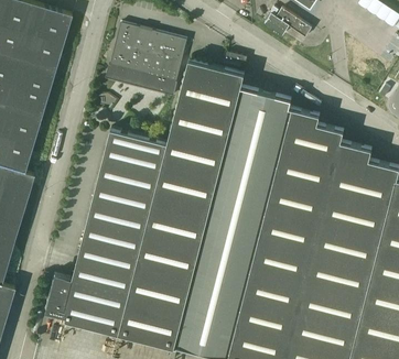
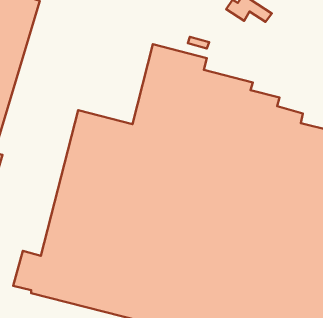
building: [106,24,187,98] -> none

